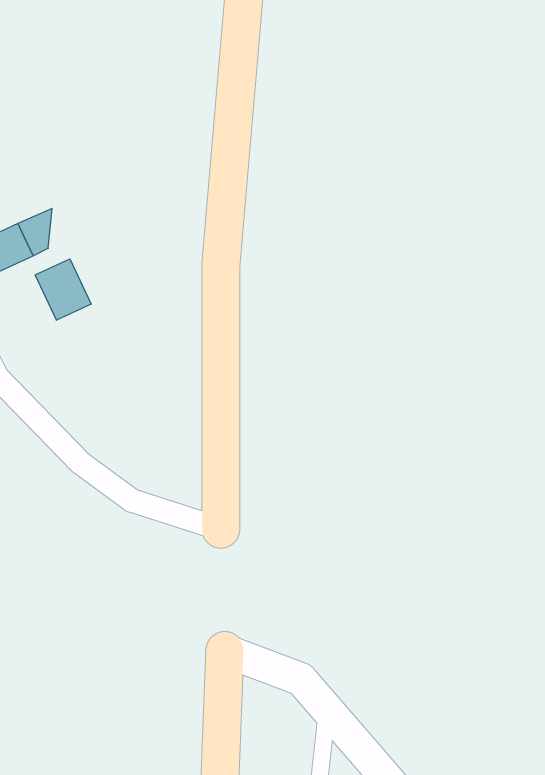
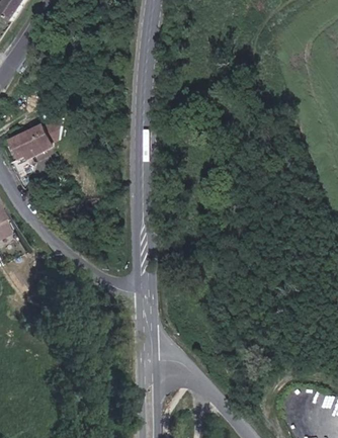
building: [35,259,91,320] -> none

